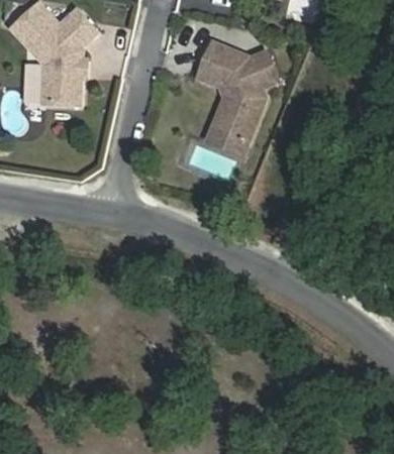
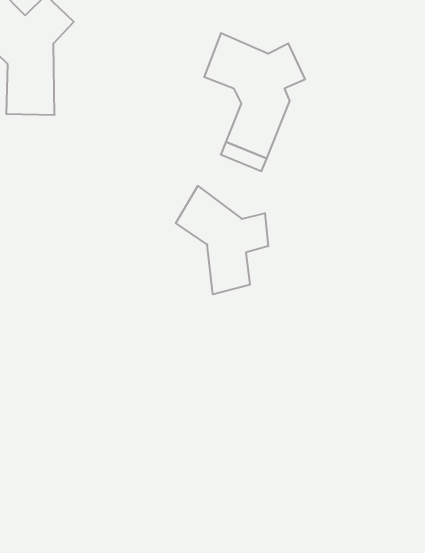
building: none -> [176,186,268,294]

